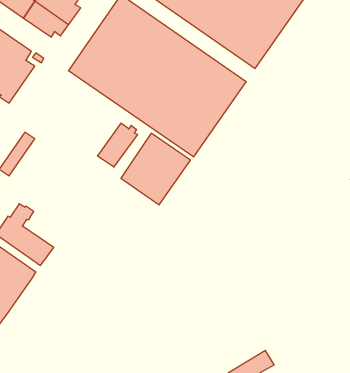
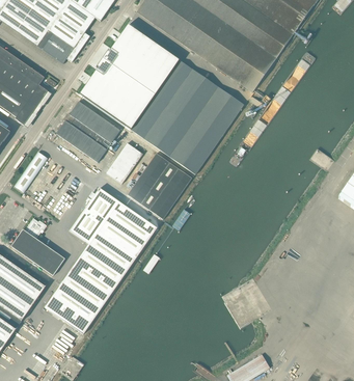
building: none -> [56,100,120,162]
building: none -> [45,187,157,333]

